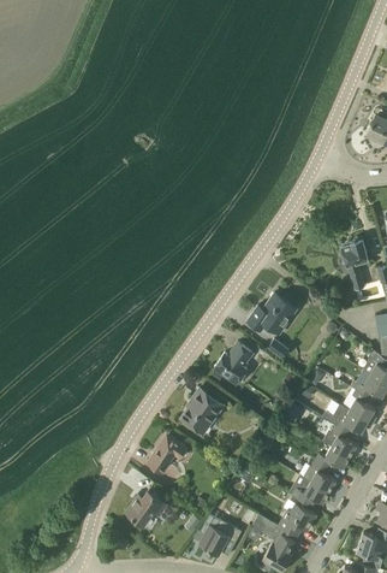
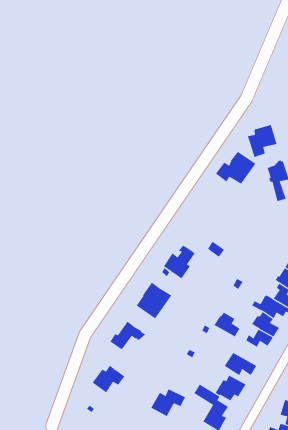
building: none -> [247,124,277,158]
building: [248,294,298,335] -> [215,151,256,184]
building: [299,461,335,492] -> [211,312,240,337]

